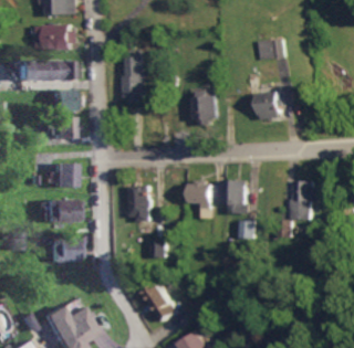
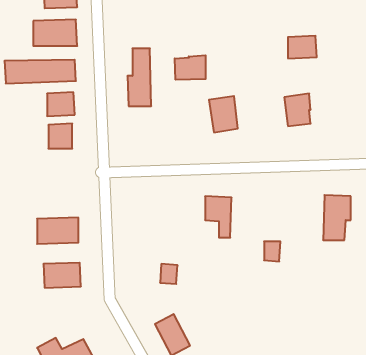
building: none -> [175,55,206,80]
building: [48,164,71,188] -> none
building: [220,180,247,213] -> none
building: [126,186,147,220] -> none

